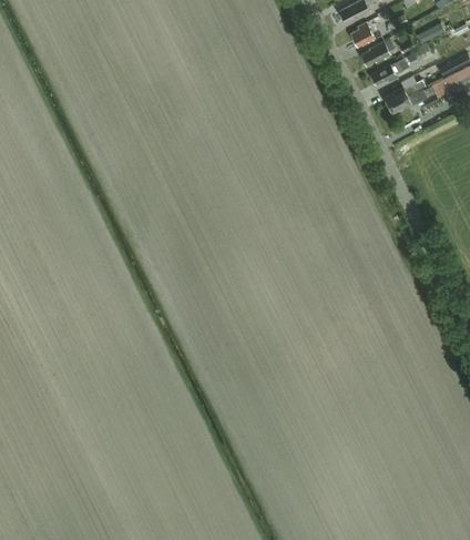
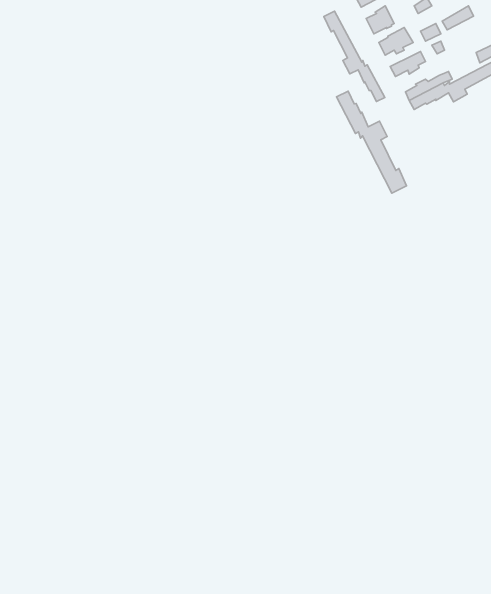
building: none -> [324,11,385,102]
building: none -> [336,91,406,193]

